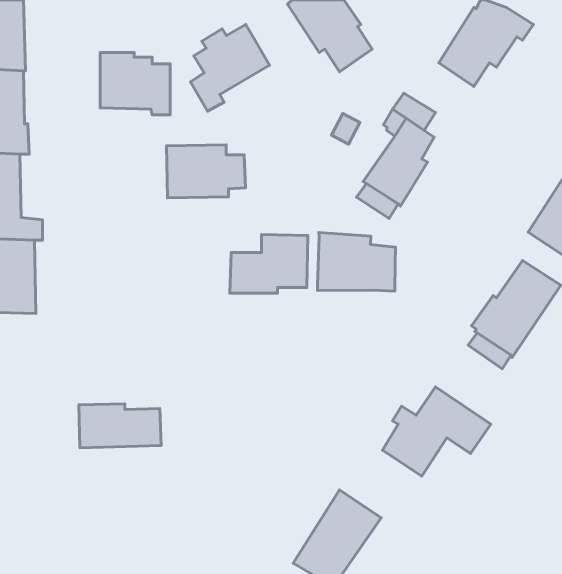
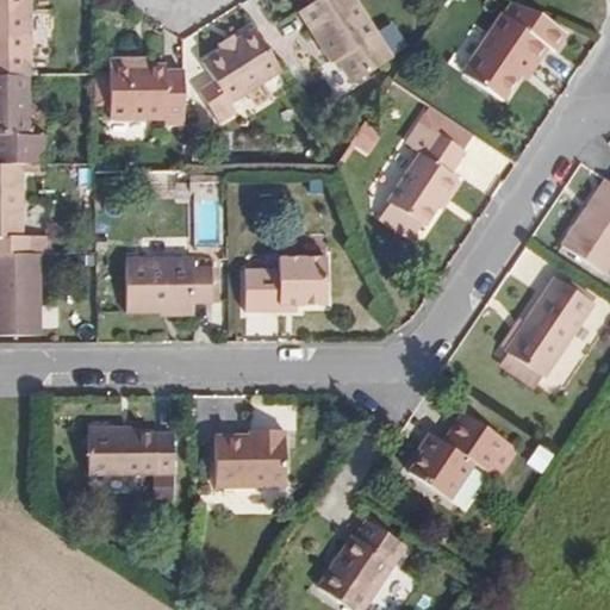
building: [166,145,245,198] -> [129,256,212,312]
building: [317,233,395,291] -> none
building: none -> [217,428,285,493]

